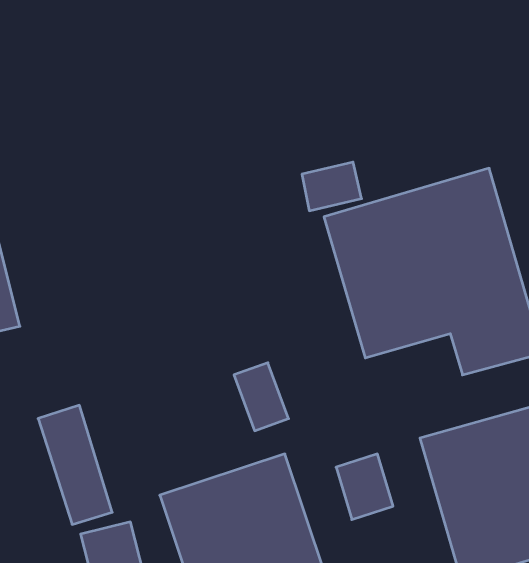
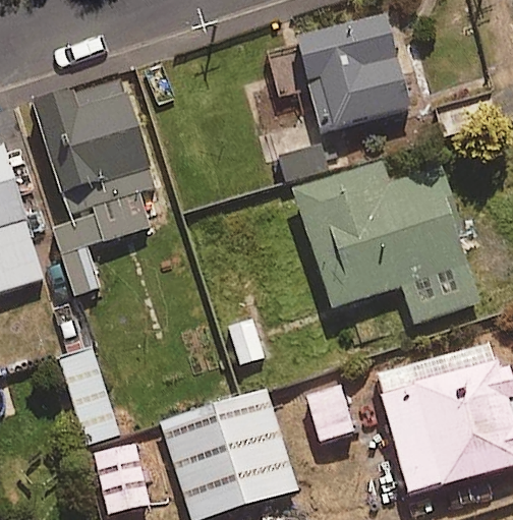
building: none -> [299,14,414,130]
building: none -> [35,75,155,295]

